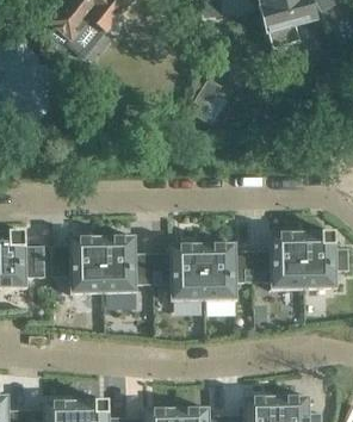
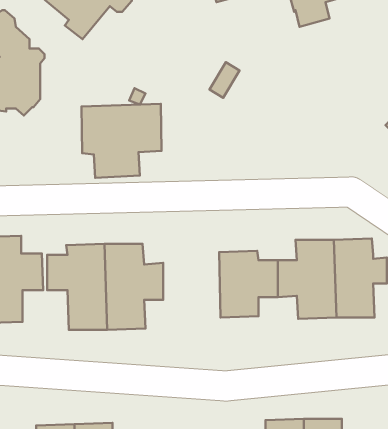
building: none -> [81,104,162,178]
building: [153,246,203,304] -> none

